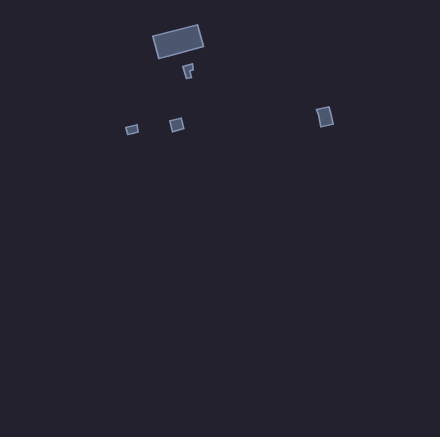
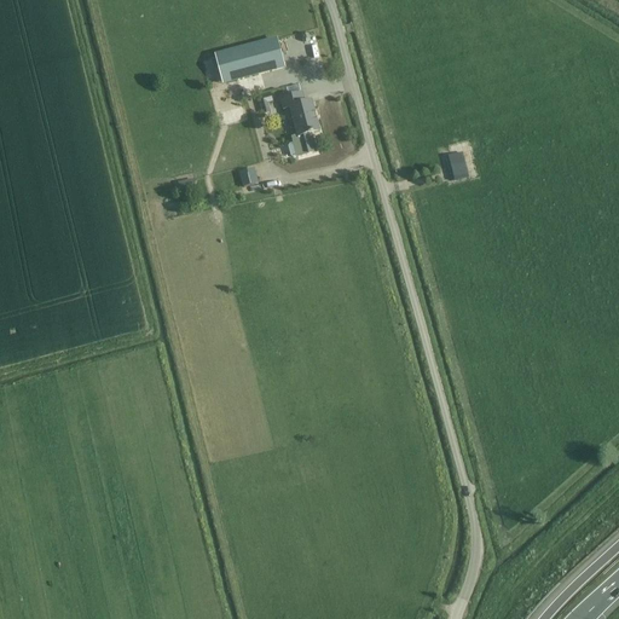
building: none -> [278,82,319,155]

